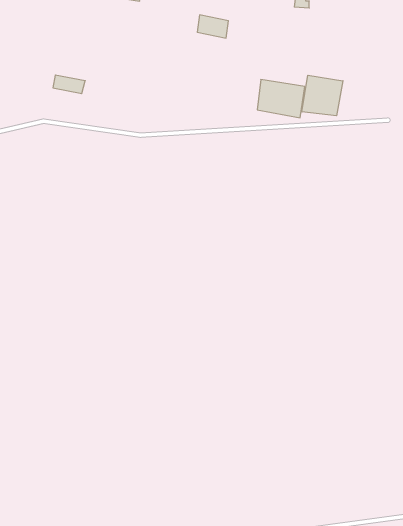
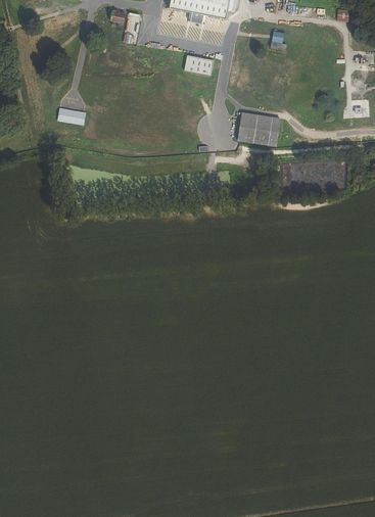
building: [302,75,343,116] -> none

